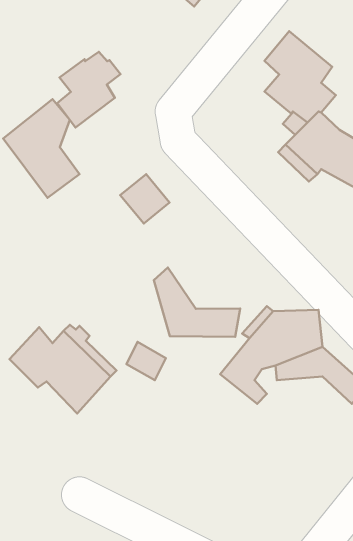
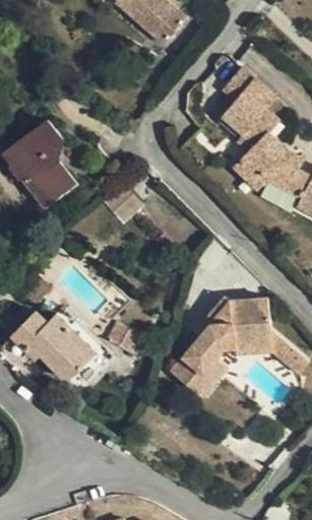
building: [57,52,120,127] -> none
building: [154,268,240,337] -> none
building: none -> [169,349,215,395]

